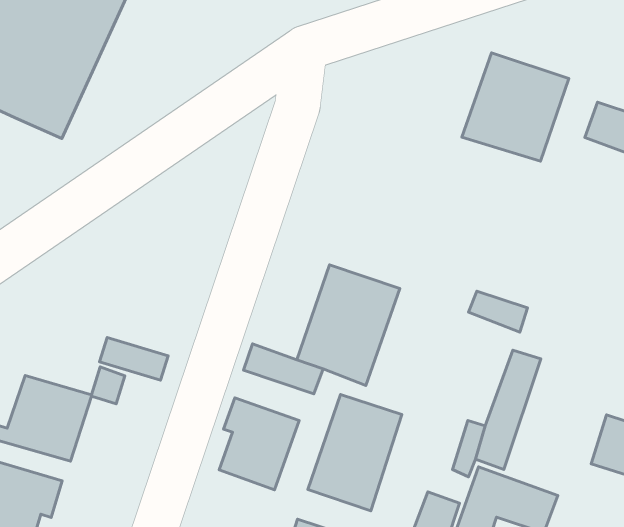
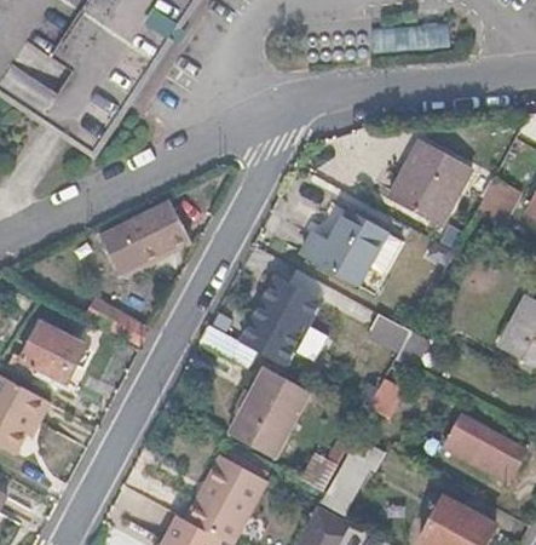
building: none -> [306,208,394,283]
building: none -> [100,197,183,264]
building: [219,398,299,490] -> none

